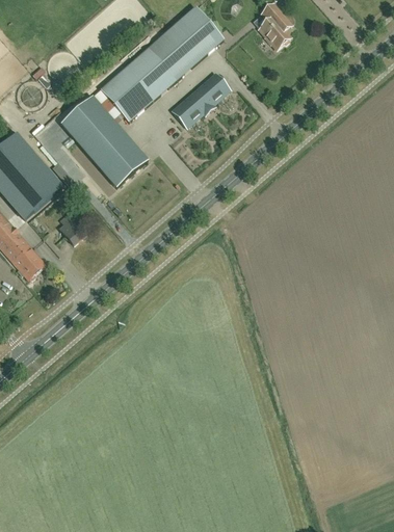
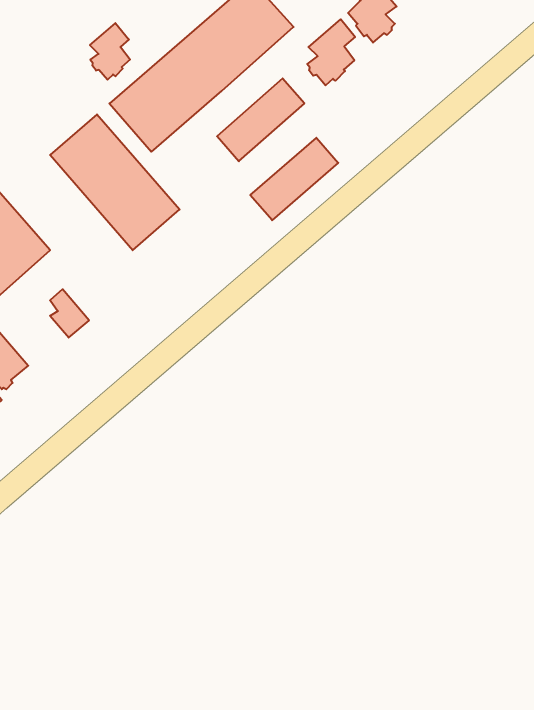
building: none -> [307,19,355,85]
building: none -> [90,23,130,80]
building: none -> [250,138,338,220]

